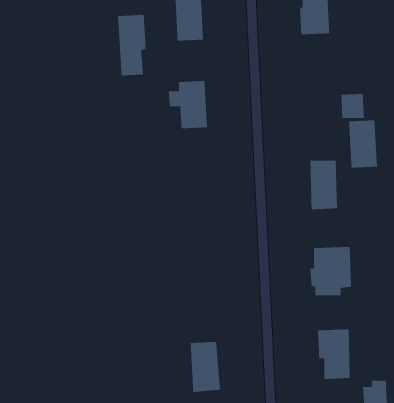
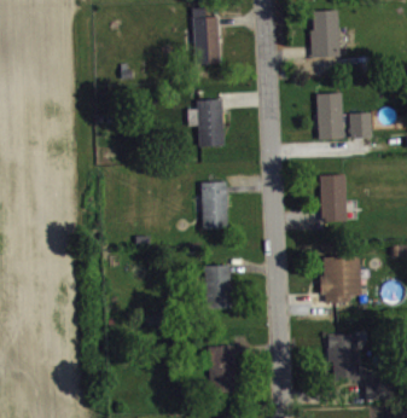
building: [117,14,146,76] -> none
building: [348,120,378,168] -> [316,93,344,139]
building: none -> [200,182,227,230]
building: none -> [204,266,232,309]

